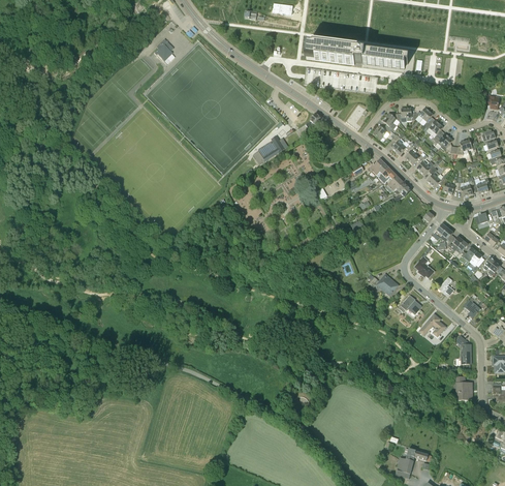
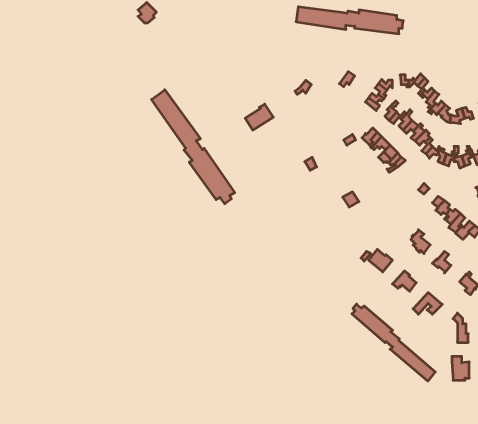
building: none -> [152,90,235,204]
building: none -> [352,304,435,381]

